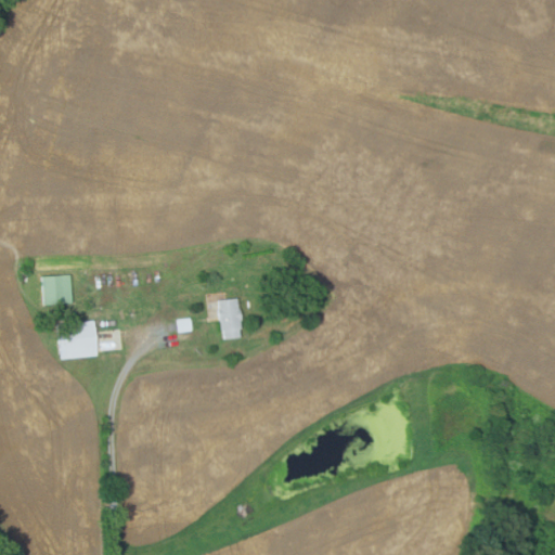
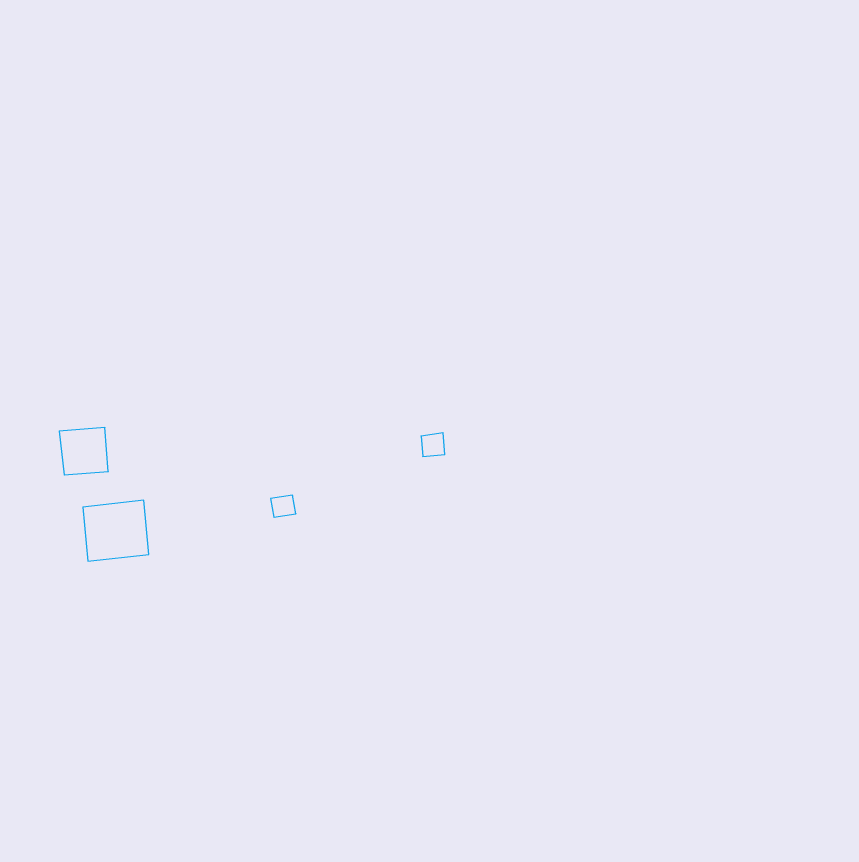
building: [218,299,242,339] -> none

